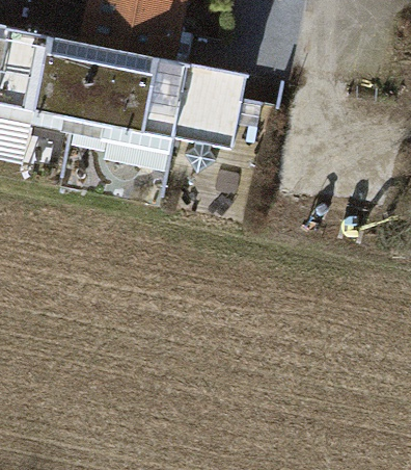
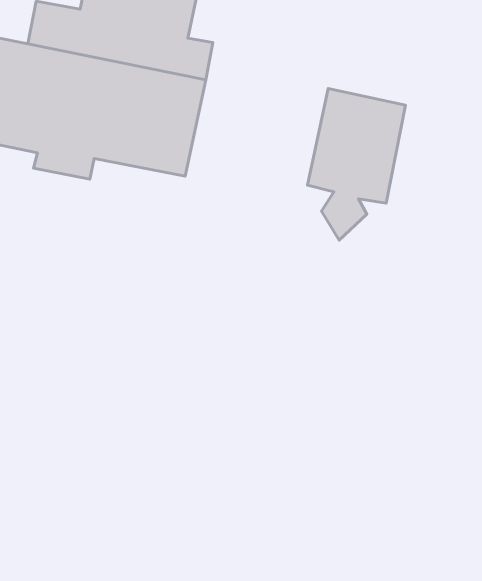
building: [169,72,243,186] -> [308,88,406,240]

